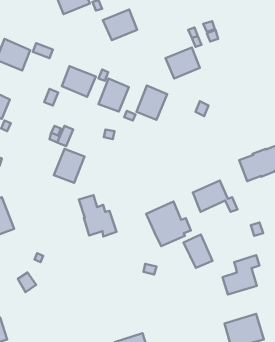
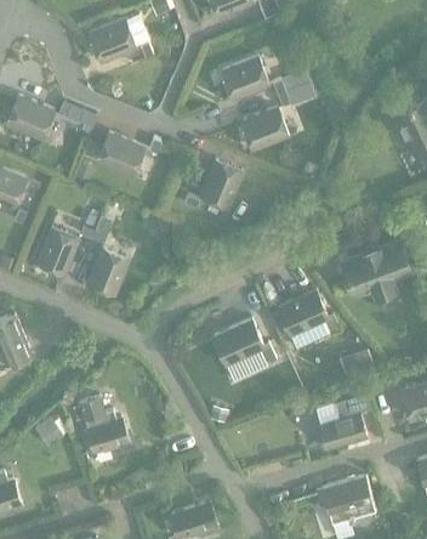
building: [103,10,137,40] -> [218,56,266,98]
building: [98,79,129,111] -> none
building: none -> [34,226,76,273]
building: [79,195,116,236] -> [76,396,129,453]
building: [184,235,212,268] -> none

